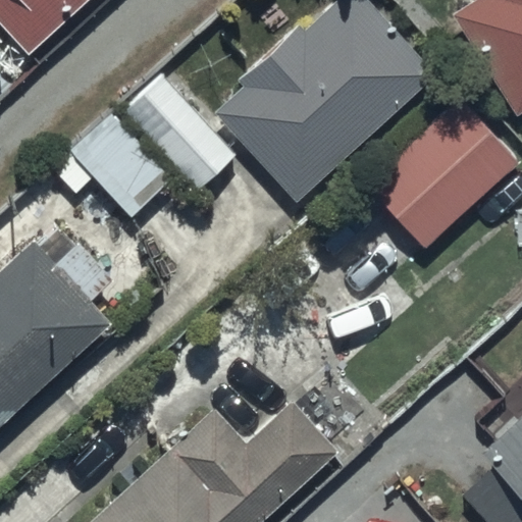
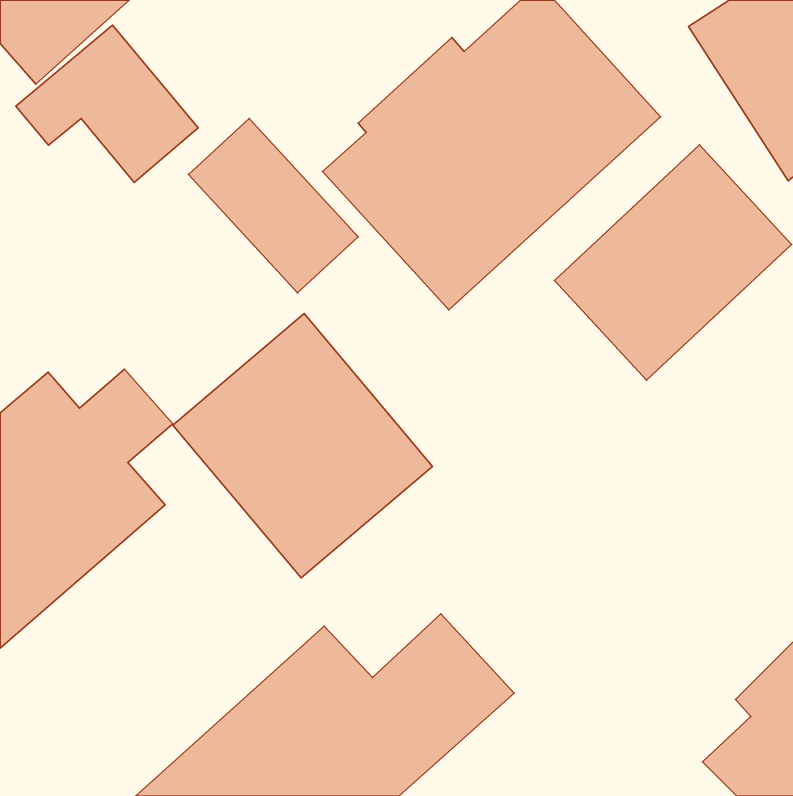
building: [53,114,172,217] -> [16,25,198,182]
building: none -> [173,314,432,578]

